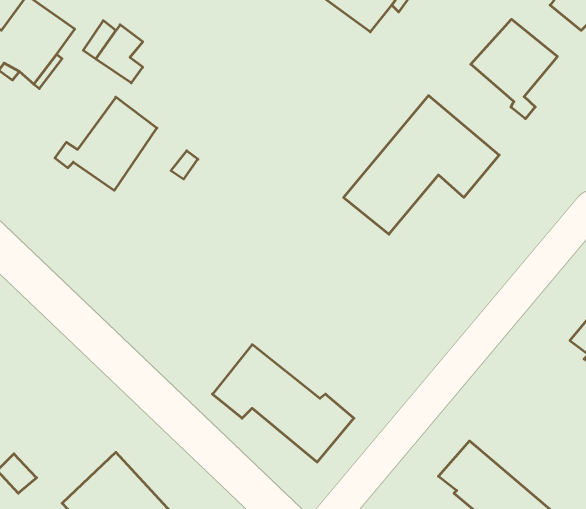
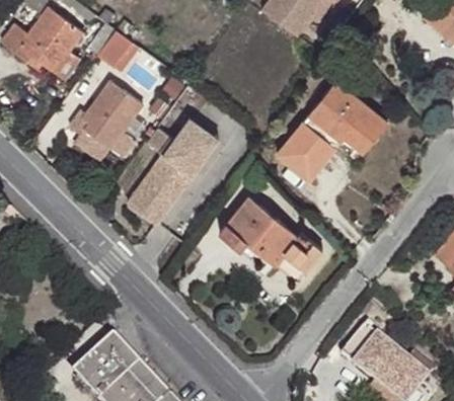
building: [471,19,557,119] -> none
building: none -> [130,116,220,222]
building: [212,345,354,462] -> [221,197,322,282]

